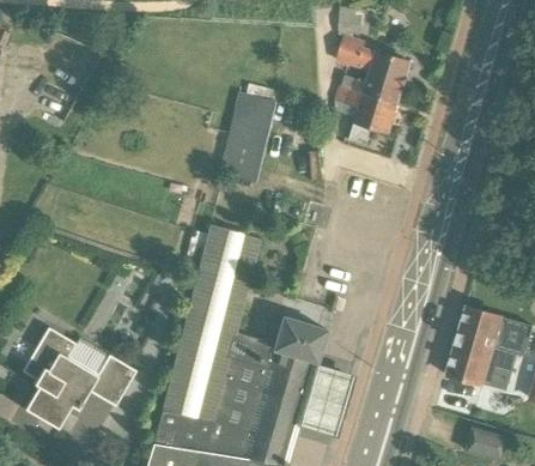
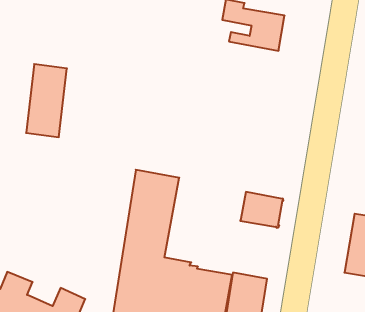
building: [335,85,399,145] -> none
building: [217,93,274,183] -> [26,64,67,137]
building: [272,317,326,364] -> [240,192,283,228]

